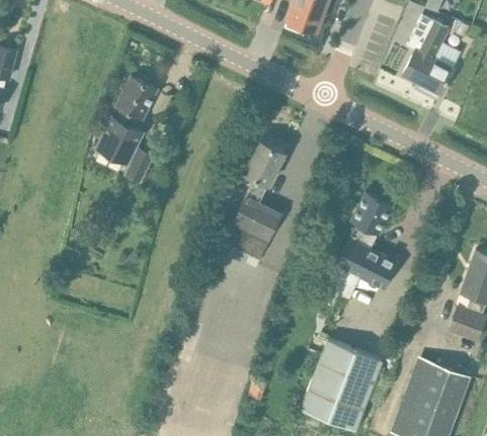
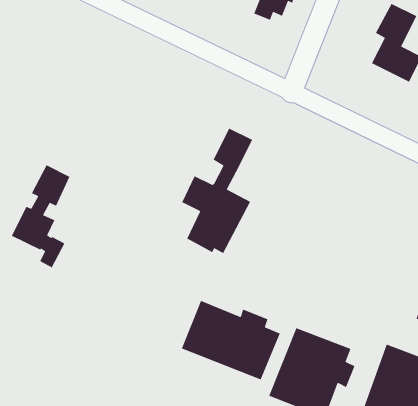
building: [97,76,157,180] -> [11,164,71,269]
building: [330,192,399,299] -> none
building: none -> [181,300,281,381]

